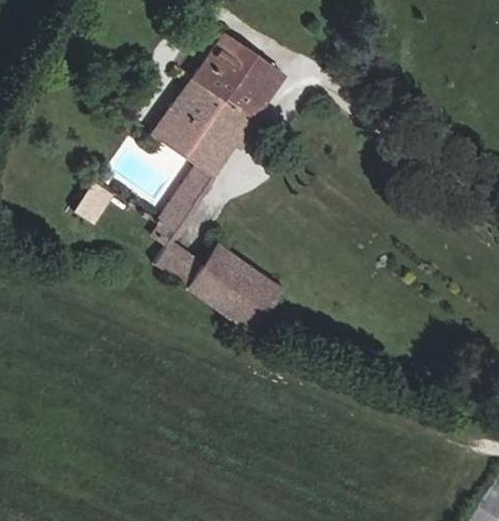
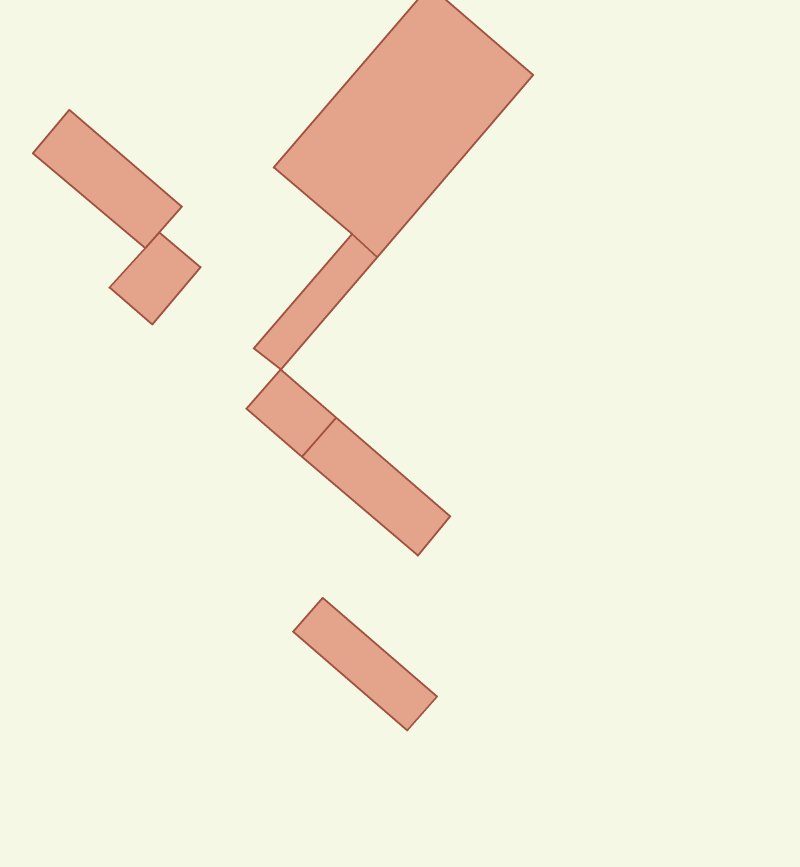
building: none -> [33,110,182,248]
building: [202,242,280,305] -> [293,598,437,730]

